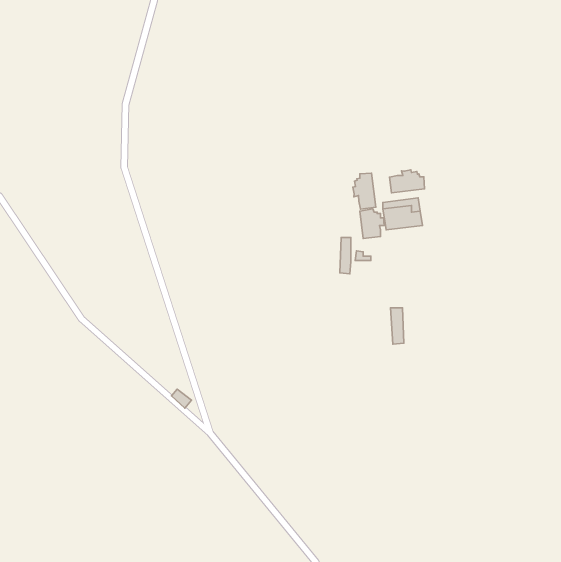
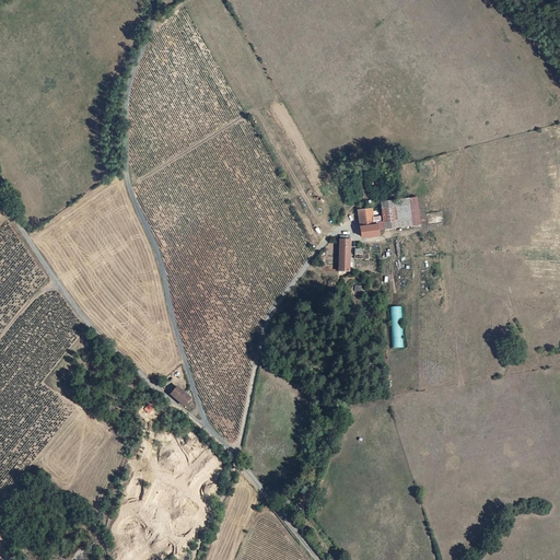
building: [390,170,425,193] -> none
building: [353,173,376,209] -> none

